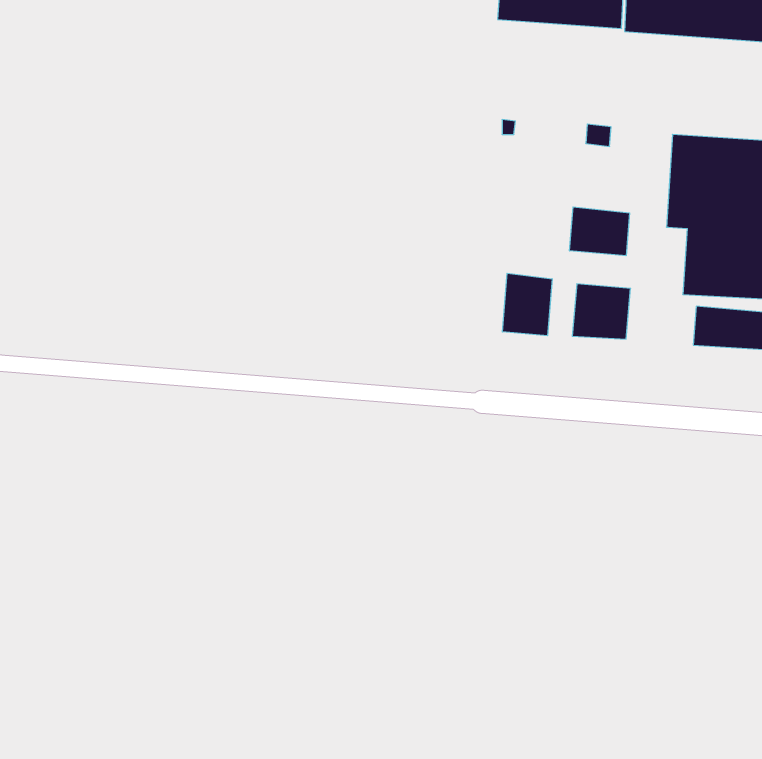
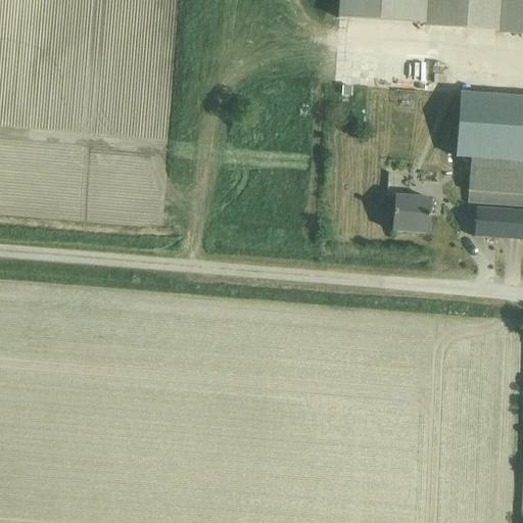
building: [570,207,629,256] -> none
building: [502,273,552,336] -> none

